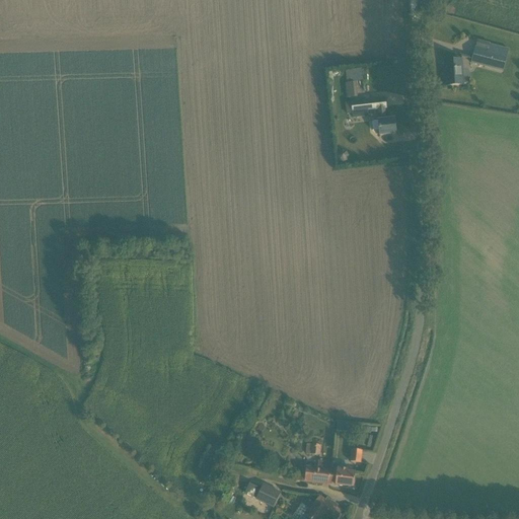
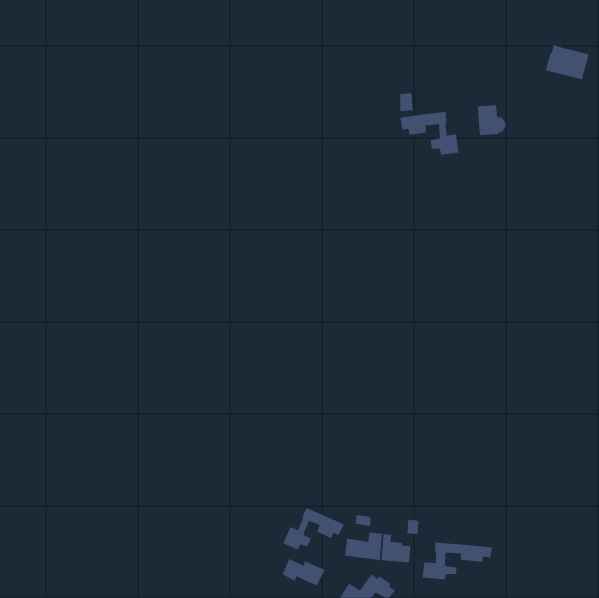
building: [445,58,470,84] -> [477,105,506,135]
building: none -> [282,507,345,550]
building: none -> [422,542,492,580]

